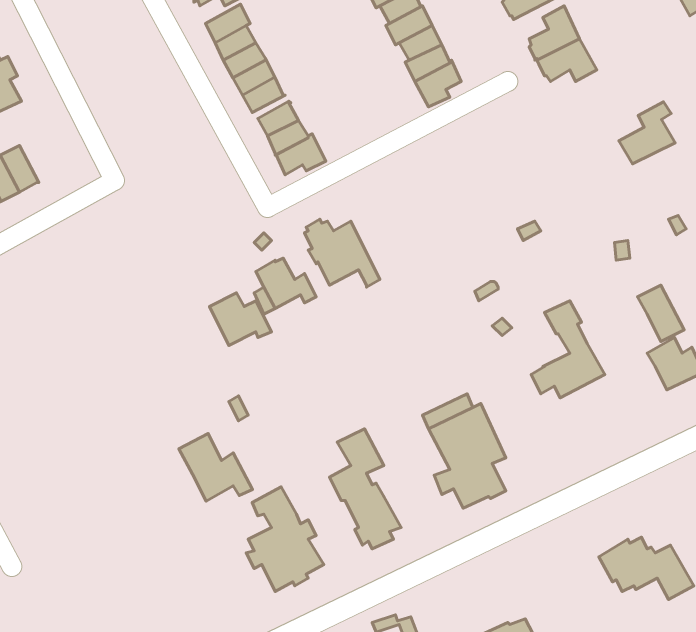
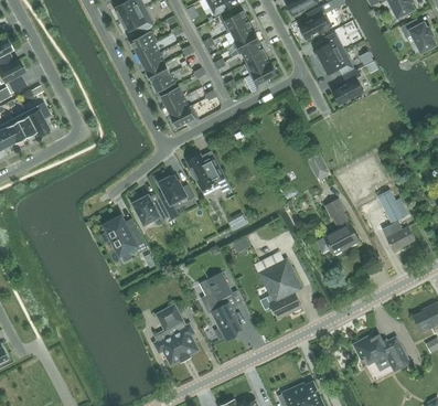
building: [619,102,675,164] -> [332,70,364,105]
building: none -> [25,103,50,136]
building: [179,433,253,501] -> [105,216,147,255]

